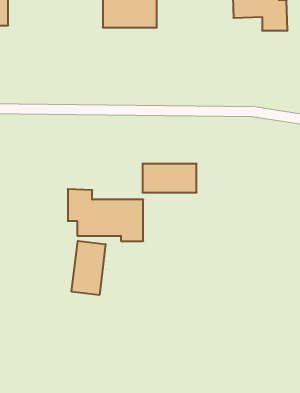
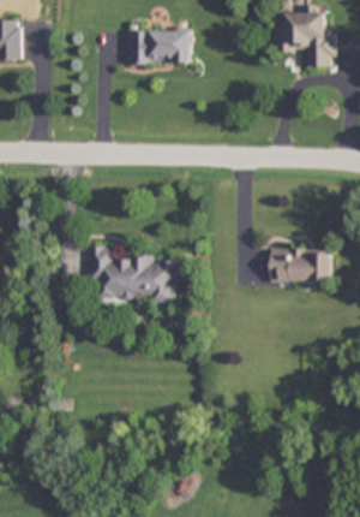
building: [142,164,197,192] -> [271,248,332,280]
building: [72,241,106,295] -> none

